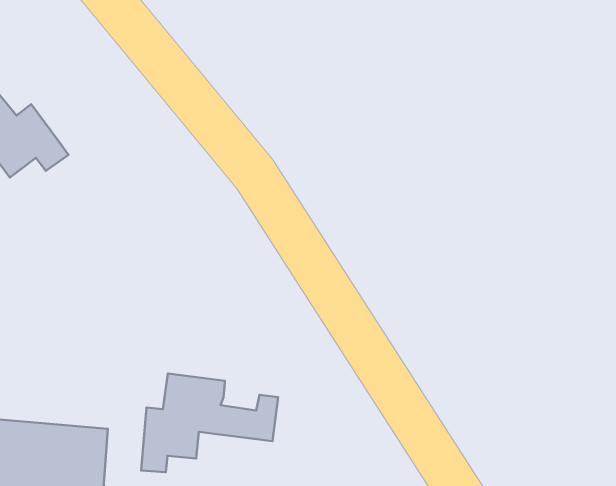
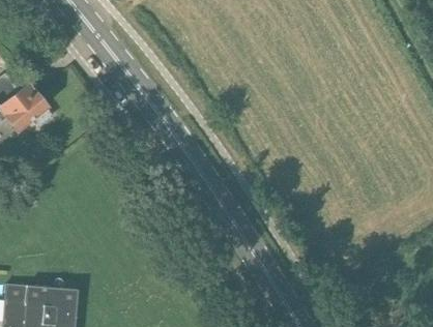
building: [141,373,278,472] -> none

